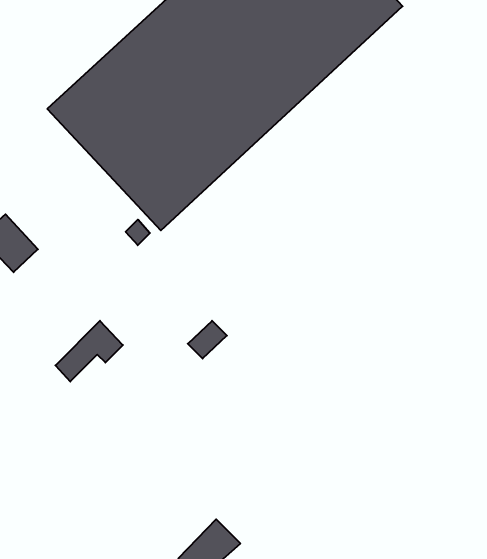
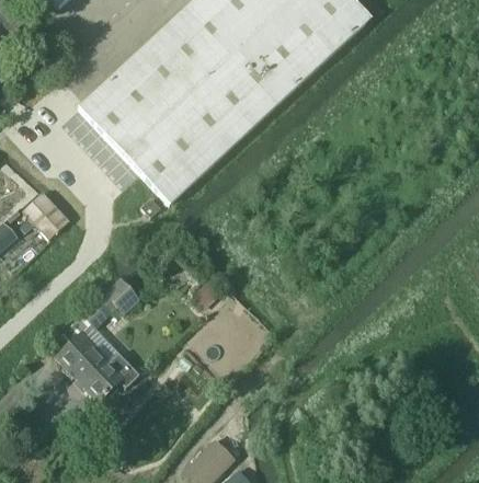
building: none -> [56,331,139,400]

